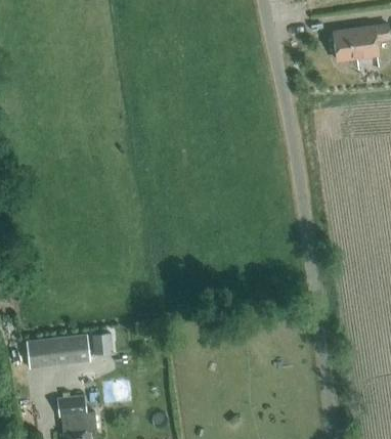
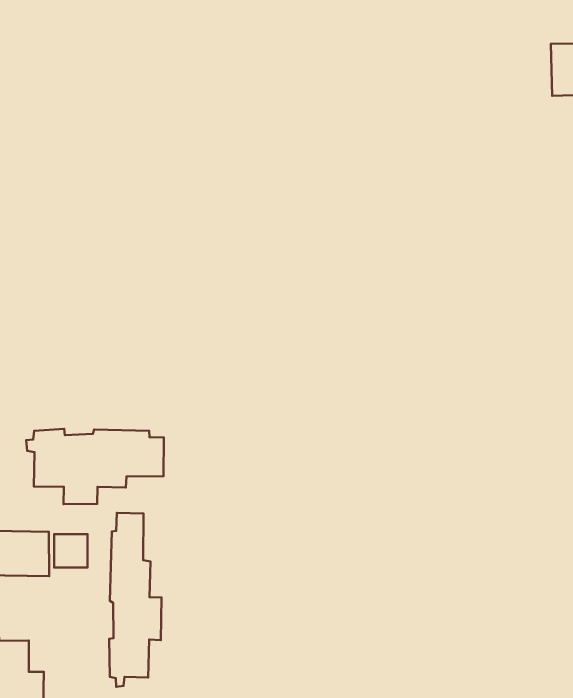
building: none -> [26,429,164,504]
building: none -> [109,513,161,687]

